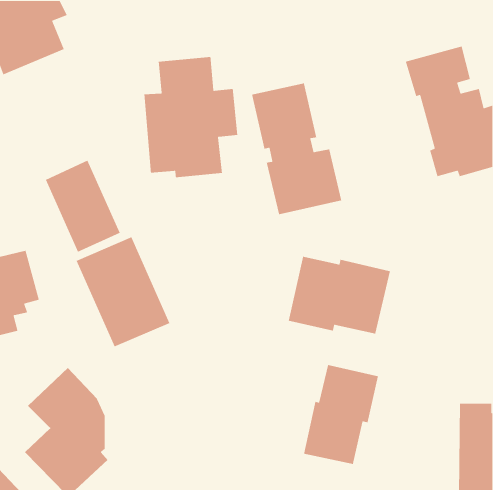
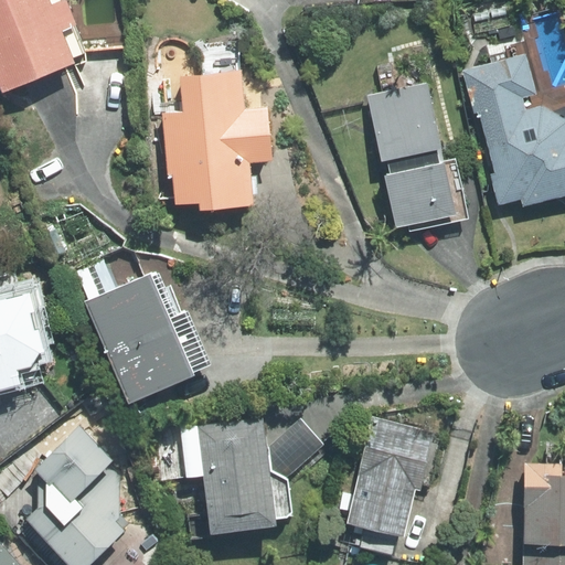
building: [251,83,342,215] -> [366,84,470,235]
building: [45,160,121,253] -> none
building: [288,256,391,334] -> none
building: none -> [179,419,322,532]

